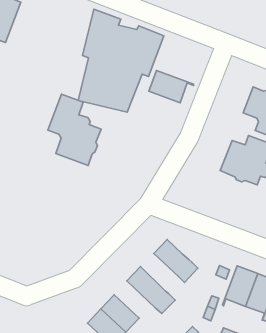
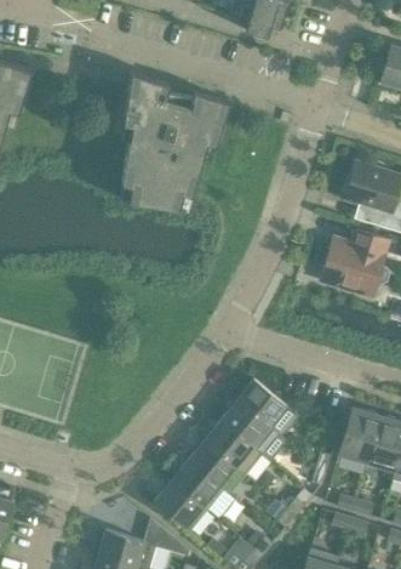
building: [149,71,194,103] -> none
building: [48,94,101,166] -> none
building: none -> [220,399,274,449]
building: none -> [188,439,245,494]

